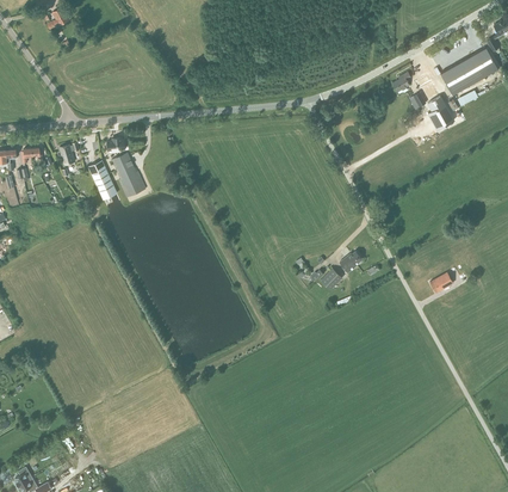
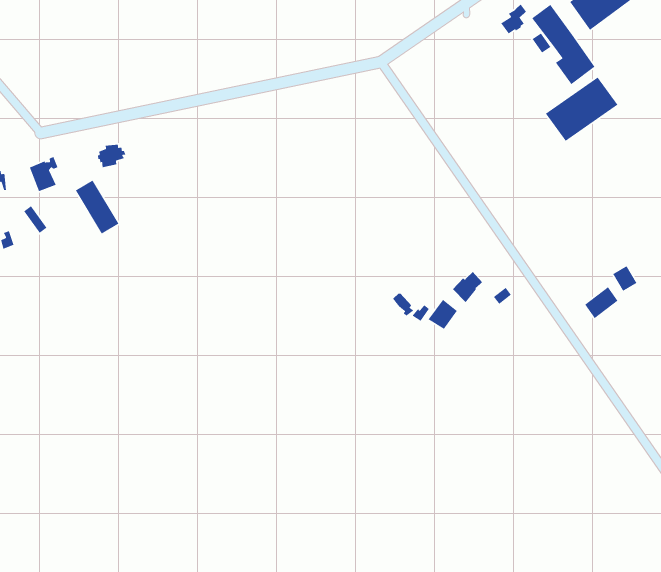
building: none -> [545,77,619,142]
building: [111,152,147,197] -> none

